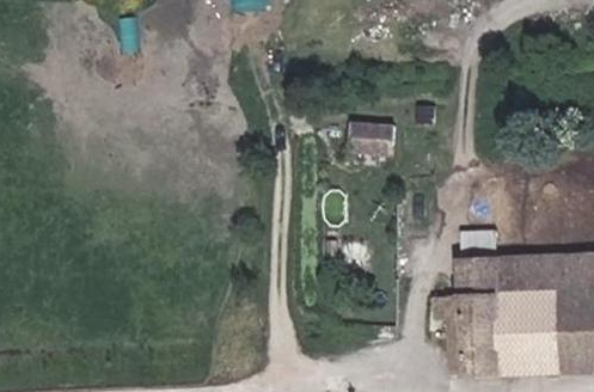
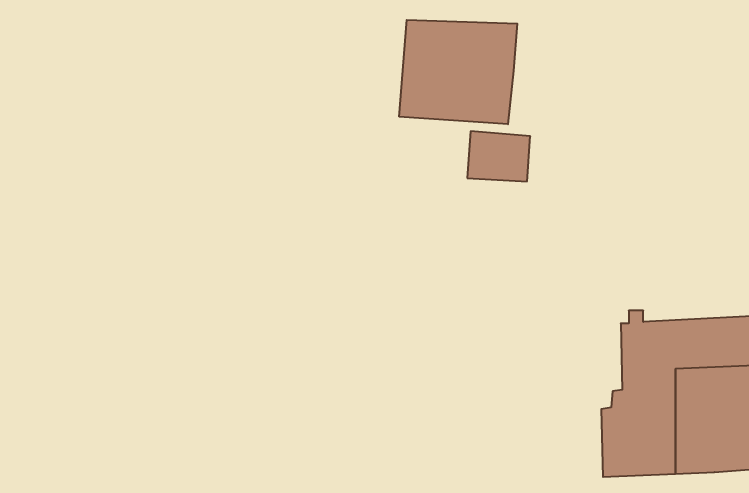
building: none -> [399,20,517,124]

